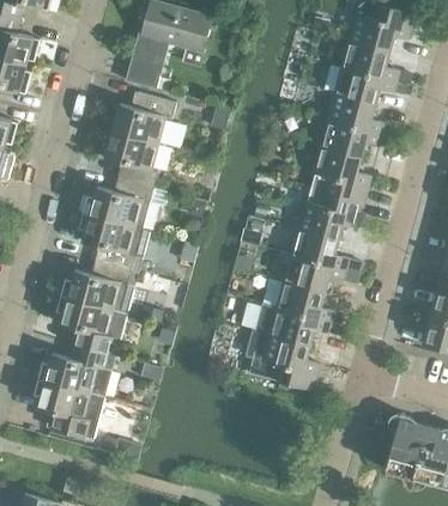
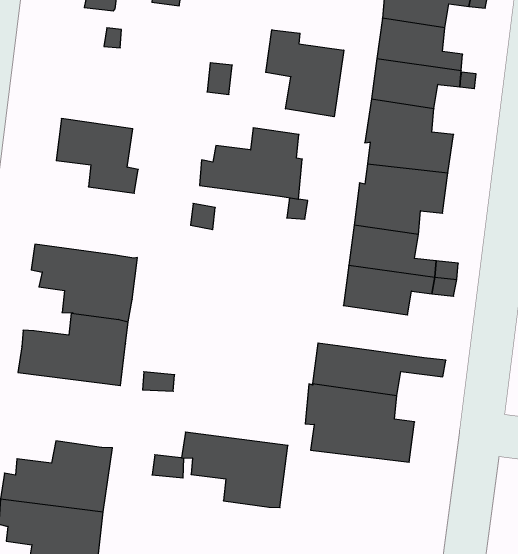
building: none -> [266,30,344,117]
building: [111,92,176,144] -> none
building: [83,178,153,230] -> [200,128,302,199]
building: [276,280,334,322] -> none
building: [55,295,127,354] -> [182,432,288,508]

